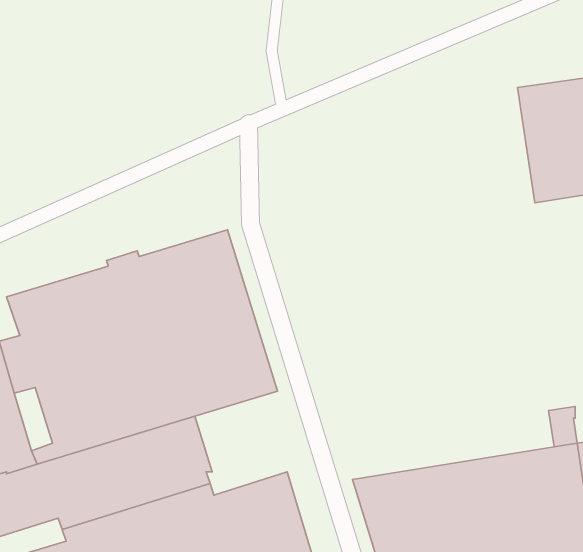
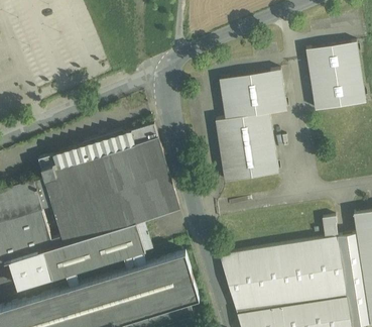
building: none -> [216,71,287,183]

